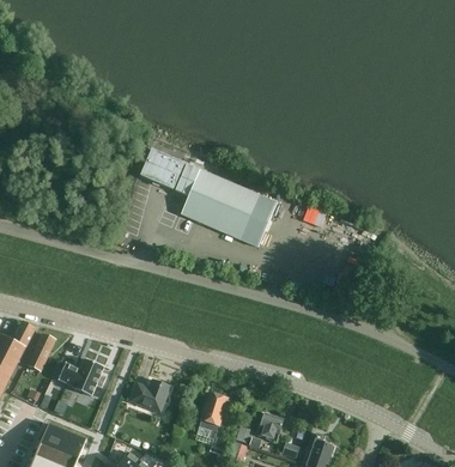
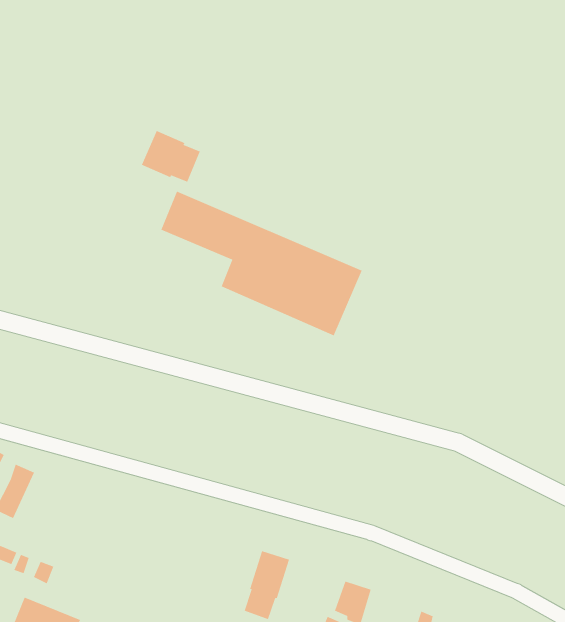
building: none -> [141,130,200,183]
building: [57,357,104,395] -> none
building: [128,380,170,412] -> none

